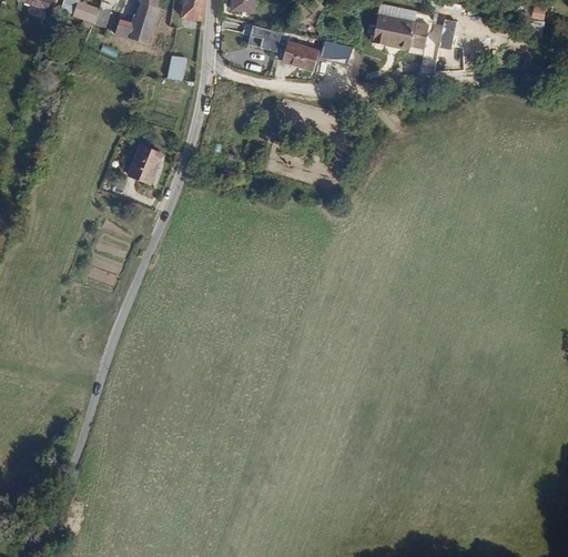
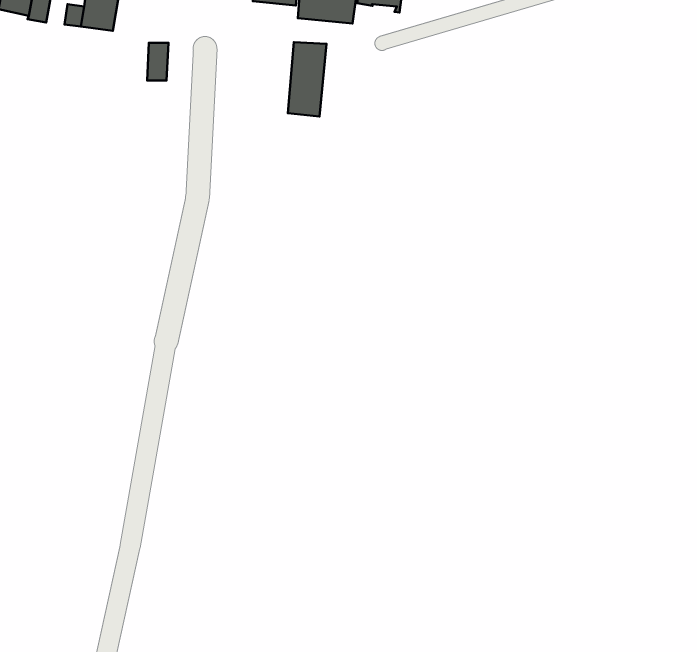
building: none -> [288,42,326,117]
building: [132,148,164,185] -> none

